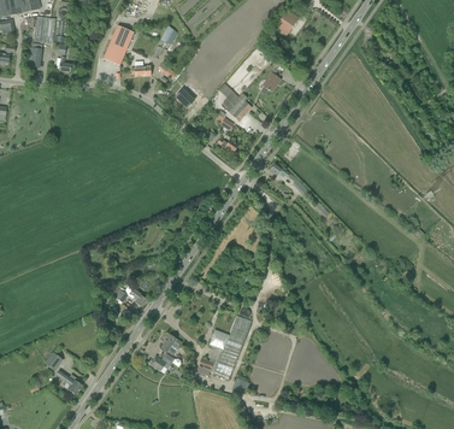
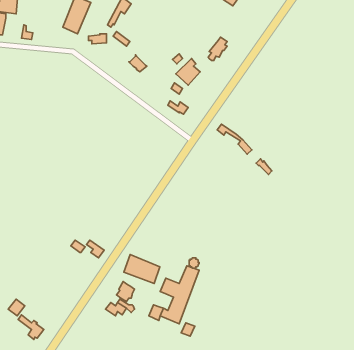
building: none -> [124,255,160,283]

